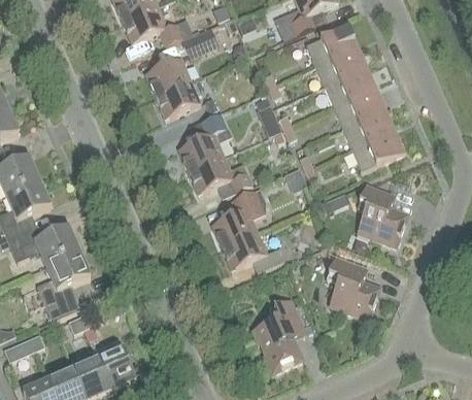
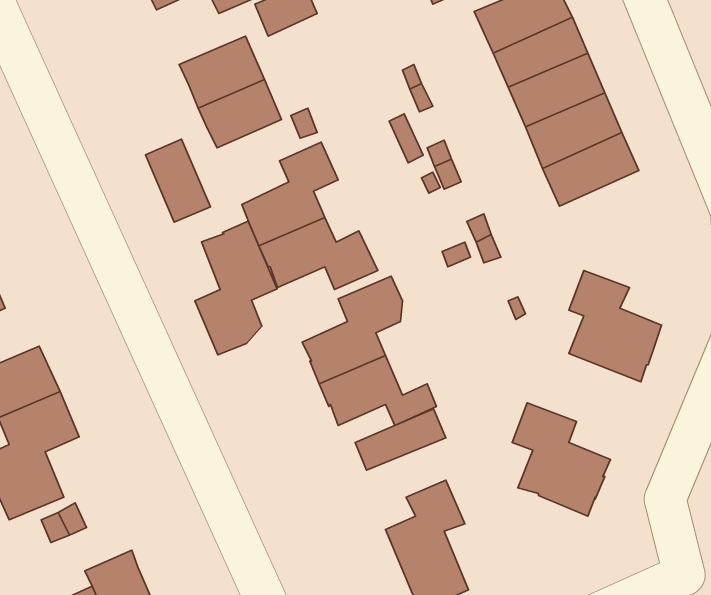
building: none -> [145,139,210,222]
building: [351,130,404,170] -> none
building: none -> [195,221,277,355]
building: none -> [355,409,446,470]

